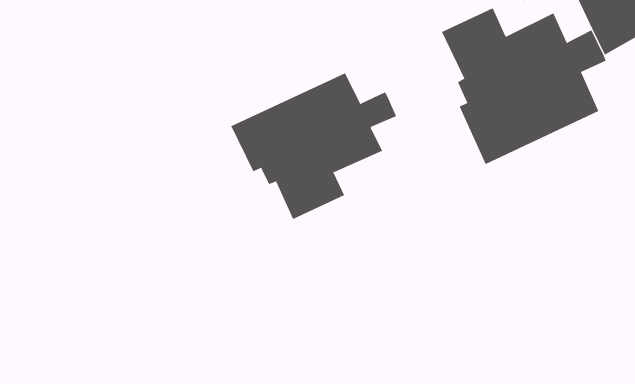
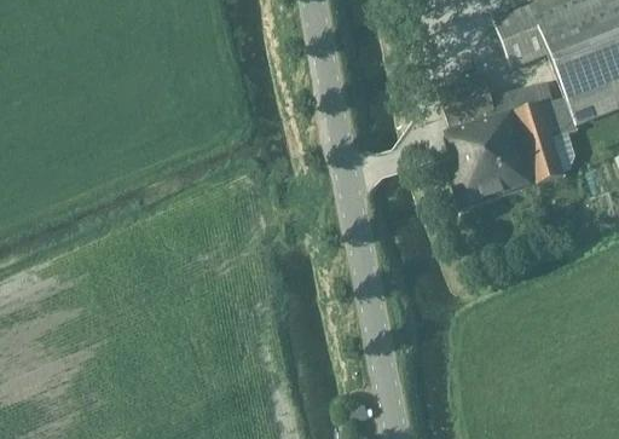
building: [231,73,397,220] -> none

